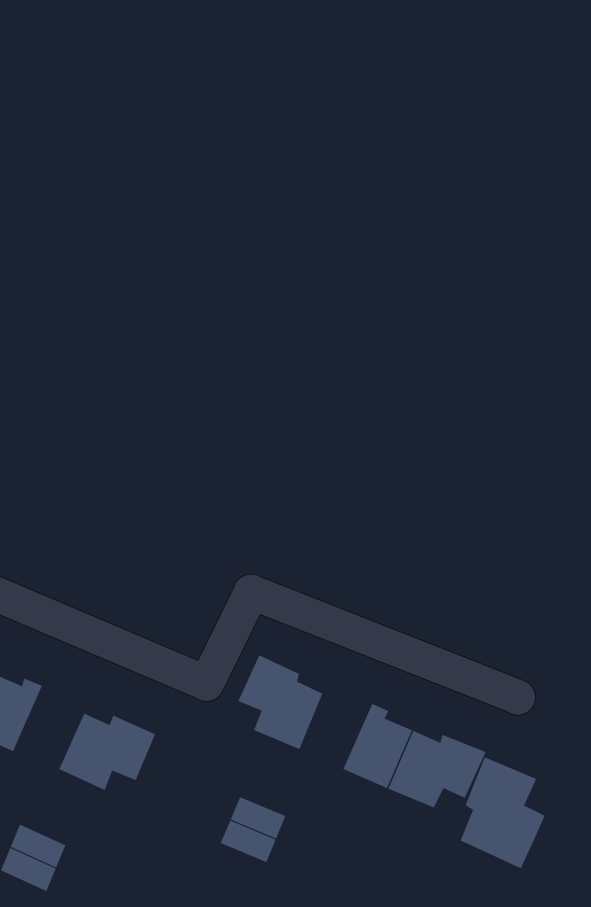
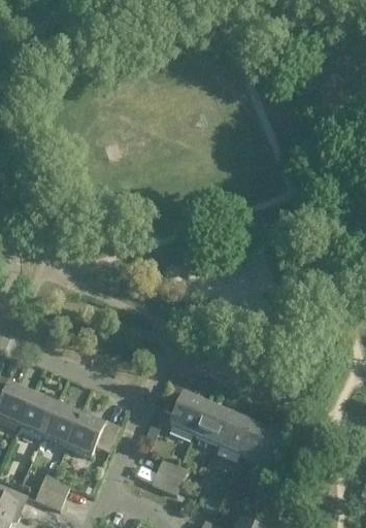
building: none -> [41,401,78,446]
building: none -> [193,405,231,446]
building: [460,757,546,869] -> none

